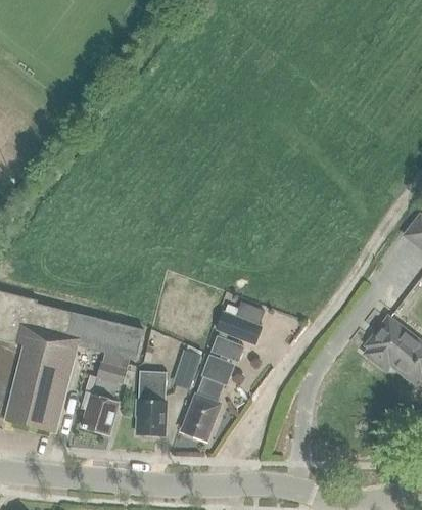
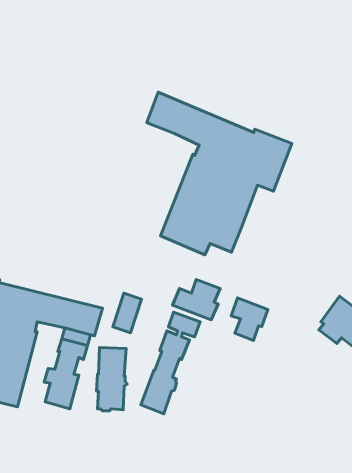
building: none -> [147,92,292,255]
building: none -> [231,298,268,341]
building: [171,349,200,389] -> [113,293,141,333]

